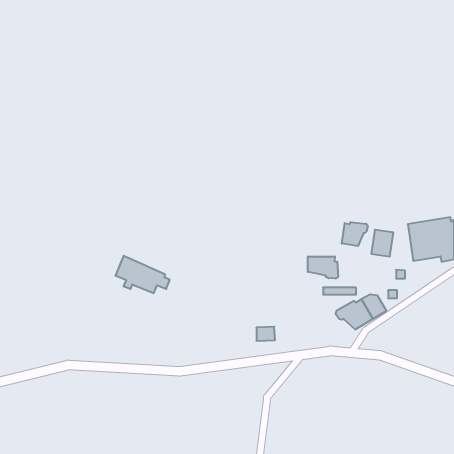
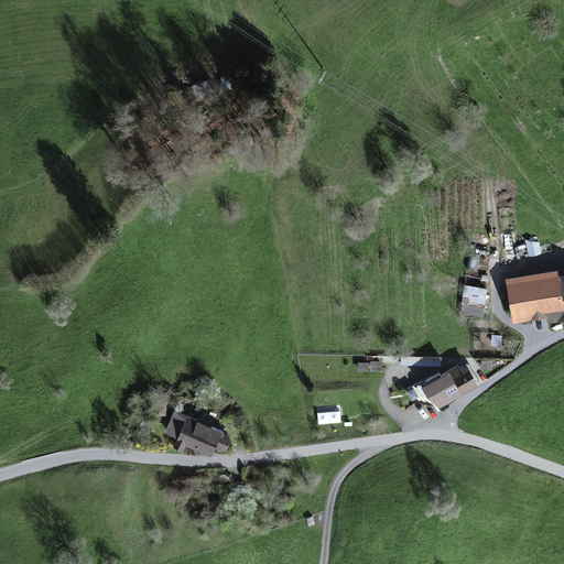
building: [342,222,368,246] -> none
building: [115,256,170,293] -> [163,409,230,455]
building: [308,256,338,279] -> none

